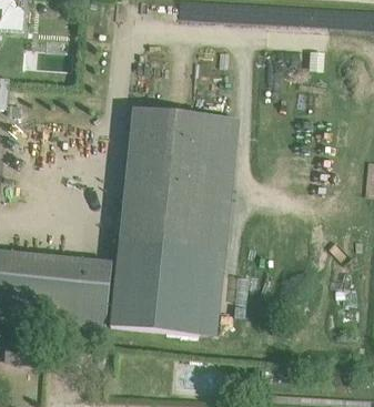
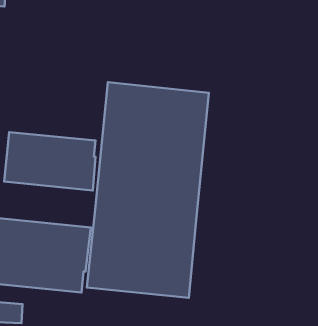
building: none -> [4,132,96,190]

